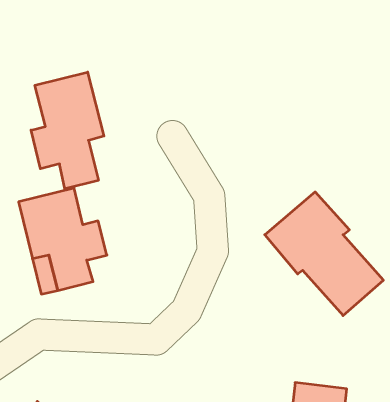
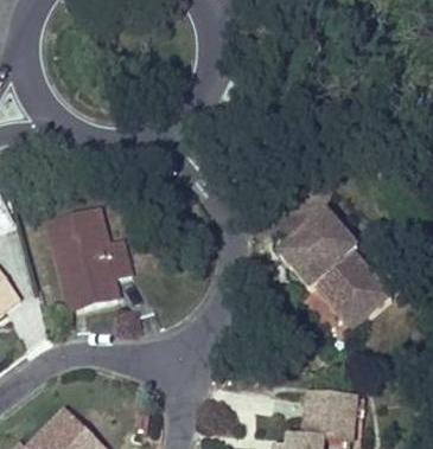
building: [31,72,104,189] -> none

